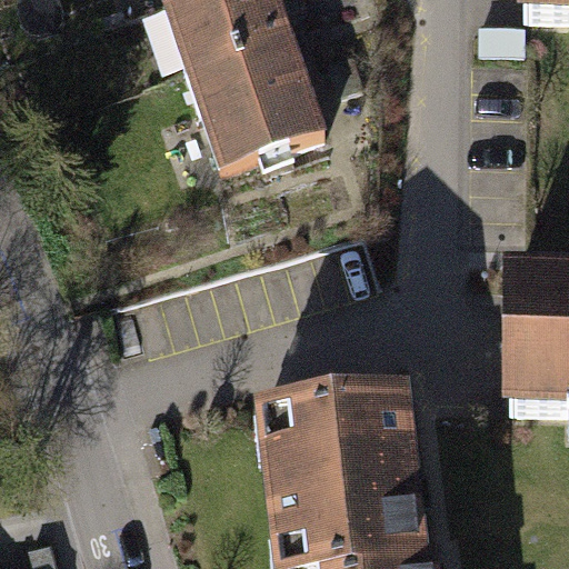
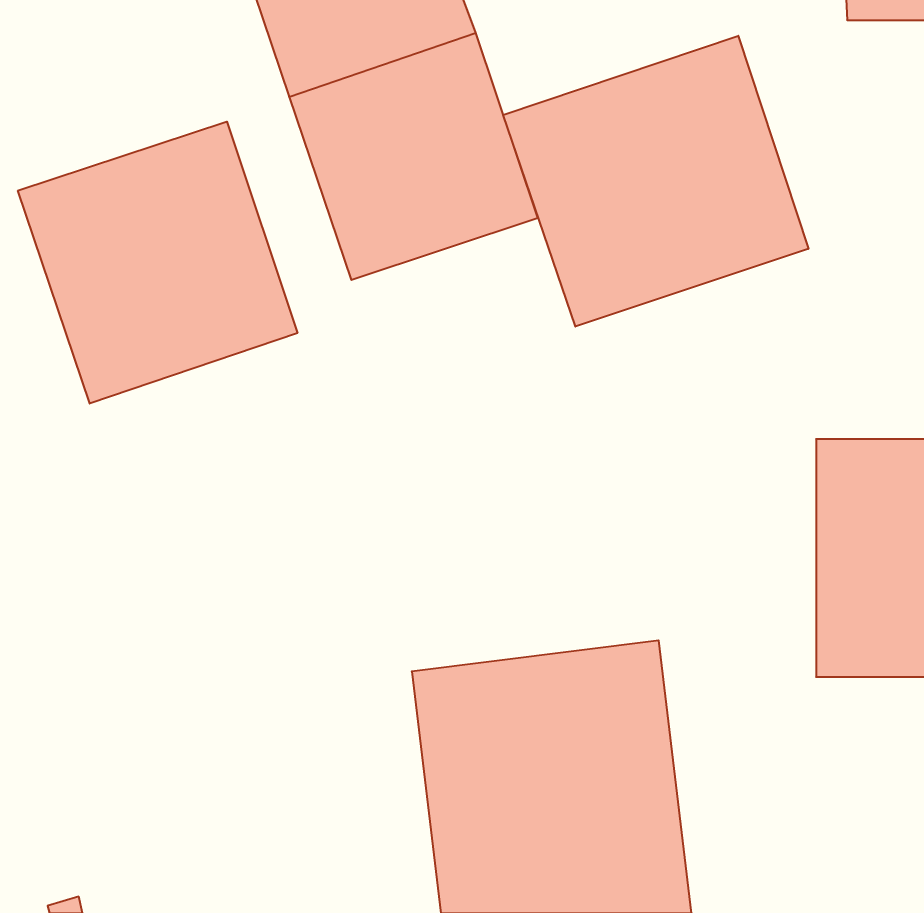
building: none -> [503,36,808,327]
building: none -> [18,122,297,404]

